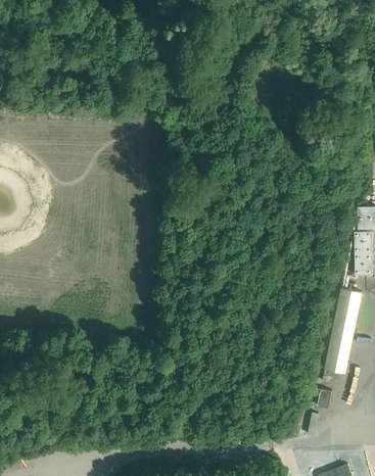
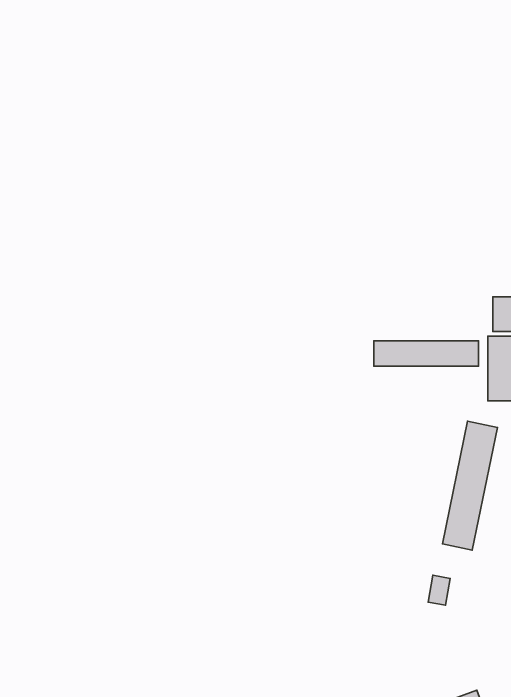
building: none -> [374,341,478,366]

